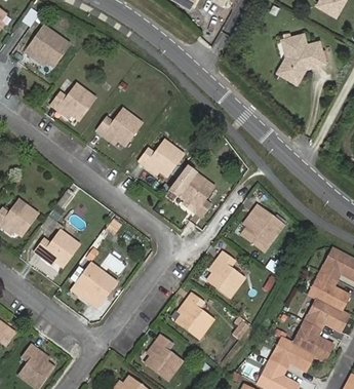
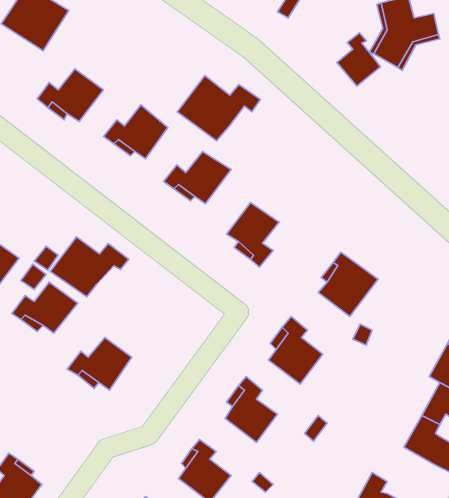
building: none -> [337,33,381,86]
building: none -> [177,76,260,141]
building: none -> [50,237,129,297]
building: [275,337,318,369] -> none

